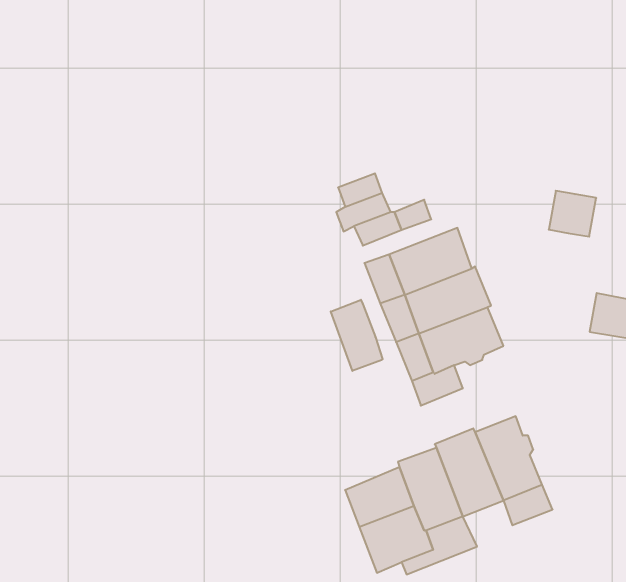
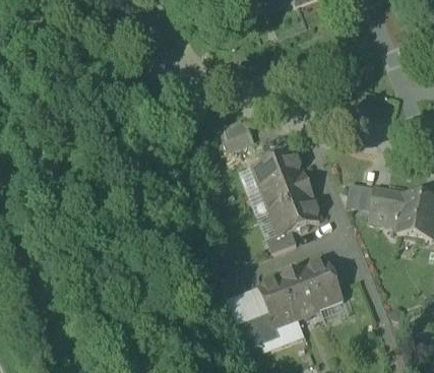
building: [549,191,596,237] -> [348,184,375,210]
building: [331,300,383,371] -> none

